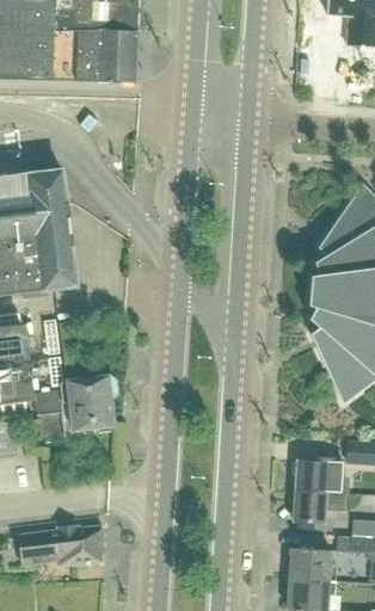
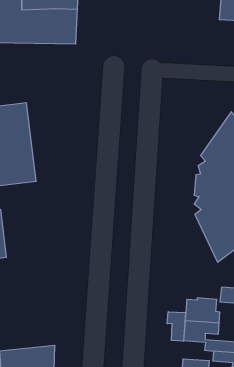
building: [37,374,117,439] -> none
building: none -> [167,312,186,341]

